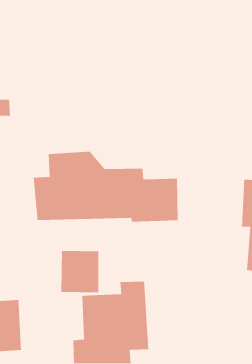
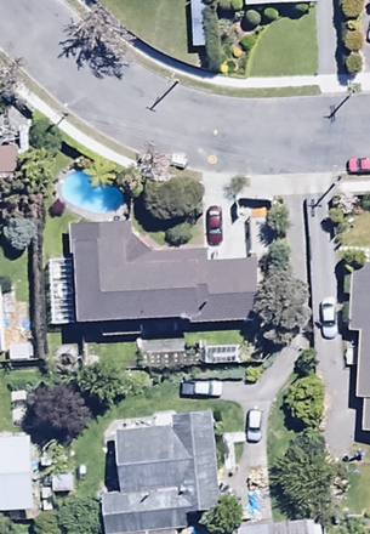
building: [60,250,99,293] -> none

